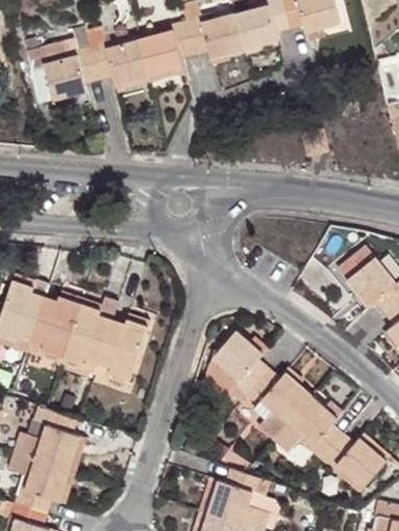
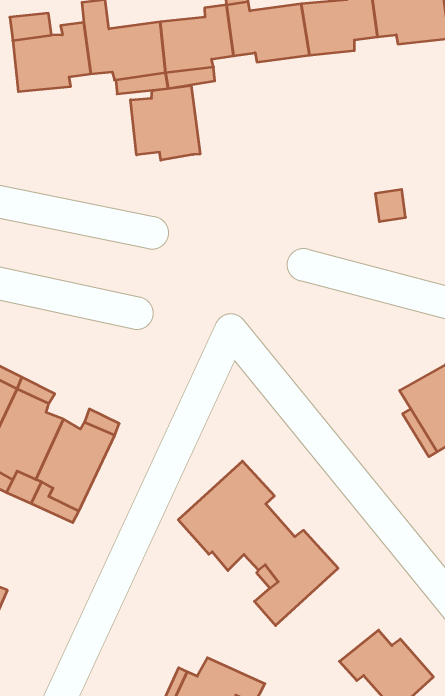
building: none -> [131,86,200,160]
building: [274,396,344,459] -> none

